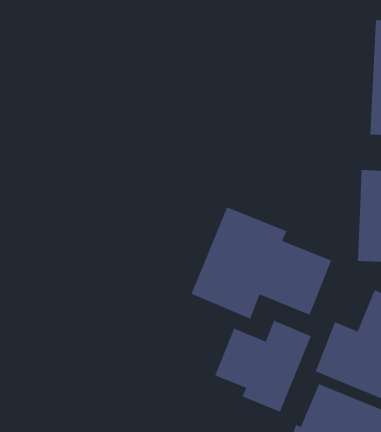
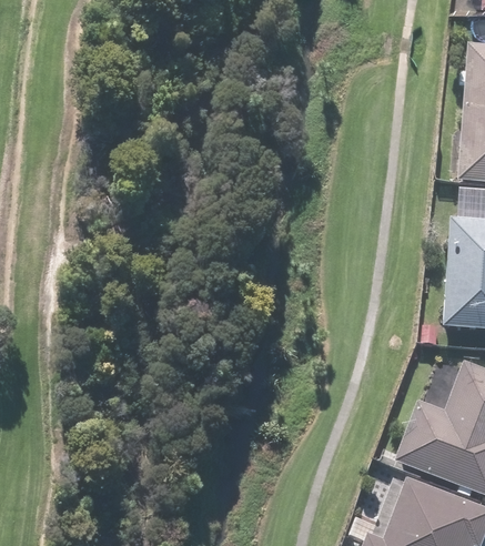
building: [191,206,332,319] -> none
building: [214,320,312,412] -> none

